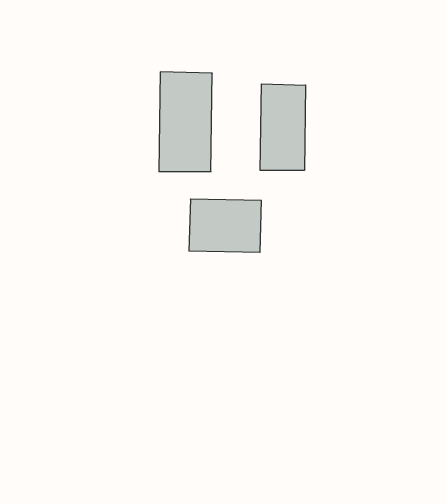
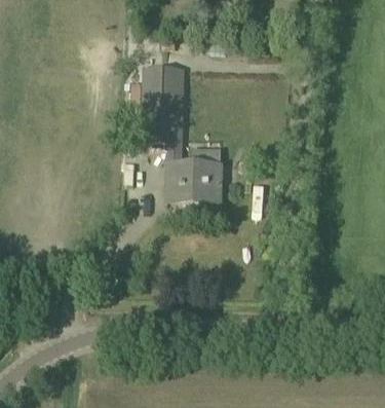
building: [260,84,306,170] -> none

